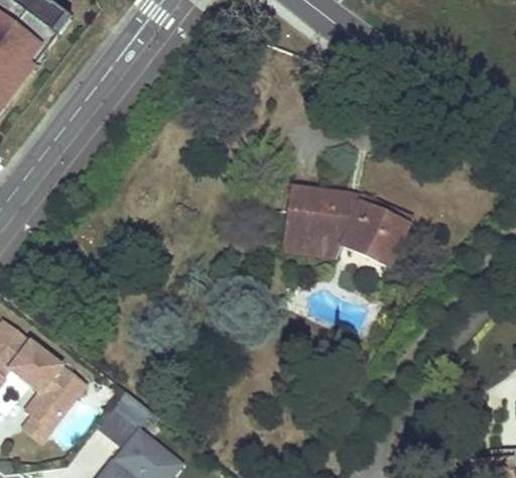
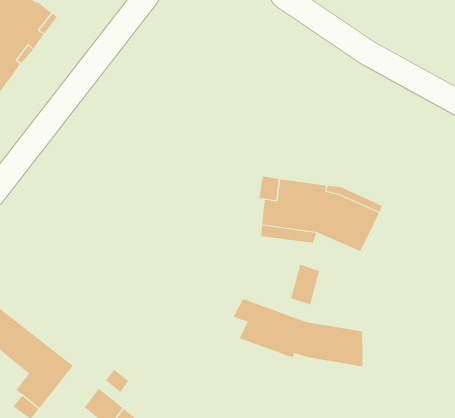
building: none -> [291,264,320,305]
building: none -> [233,298,363,367]

